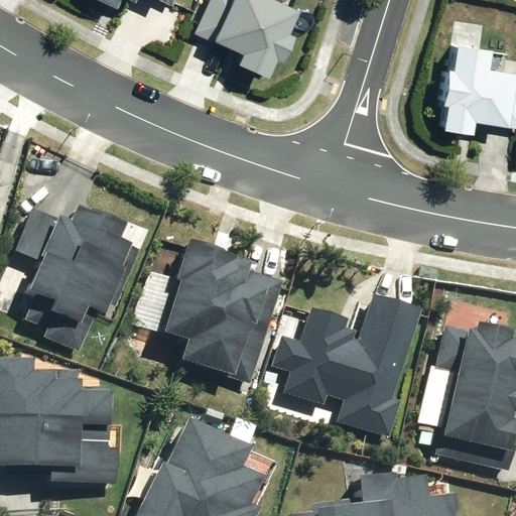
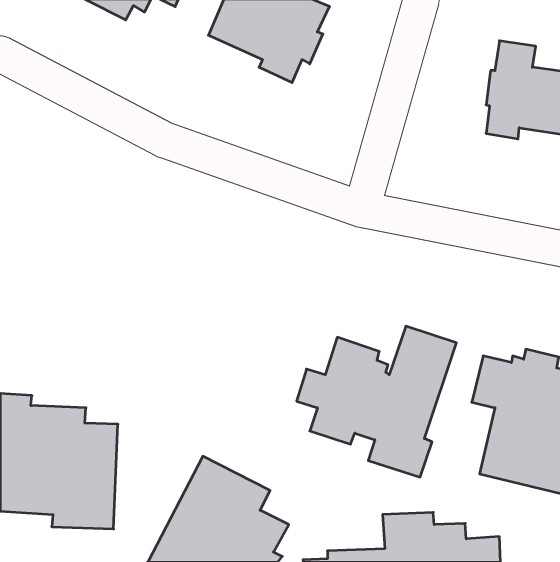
building: [13,209,142,354] -> none
building: [160,240,282,387] -> none

